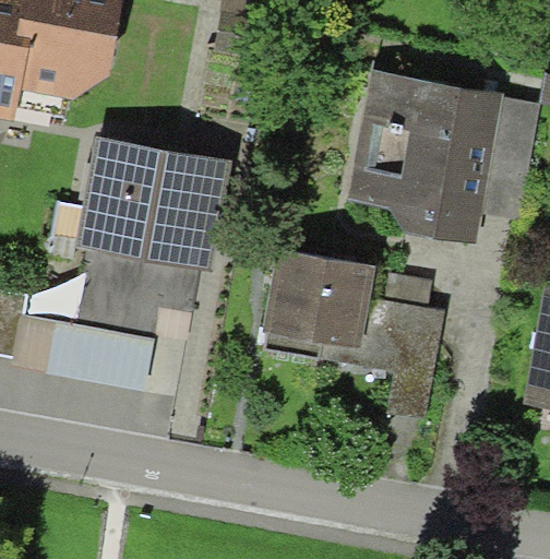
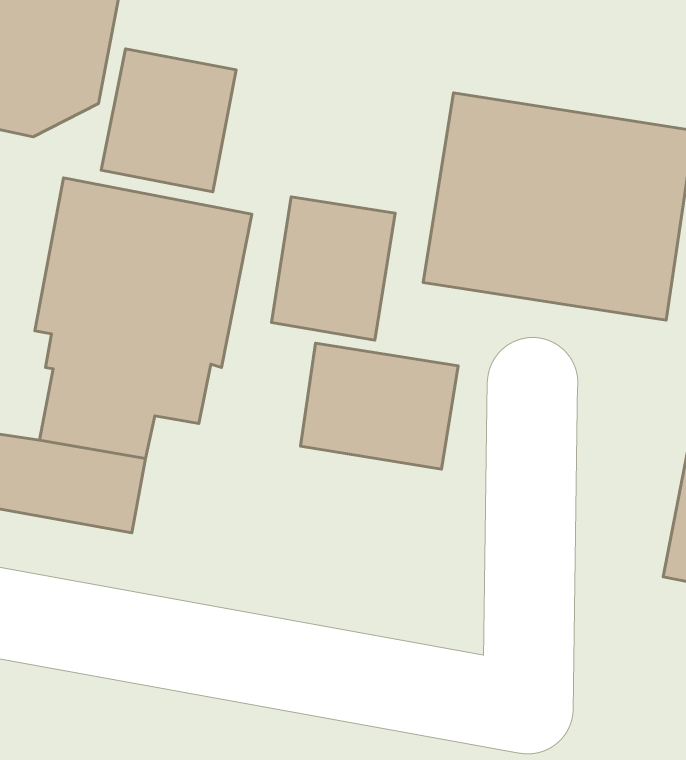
building: none -> [101,49,236,192]
building: none -> [271,197,395,340]

